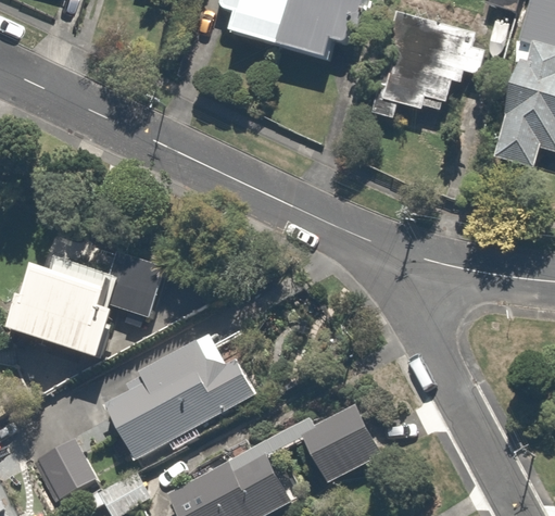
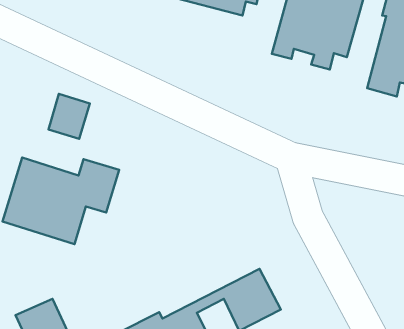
building: none -> [49,94,90,139]
building: [105,342,262,457] -> none

